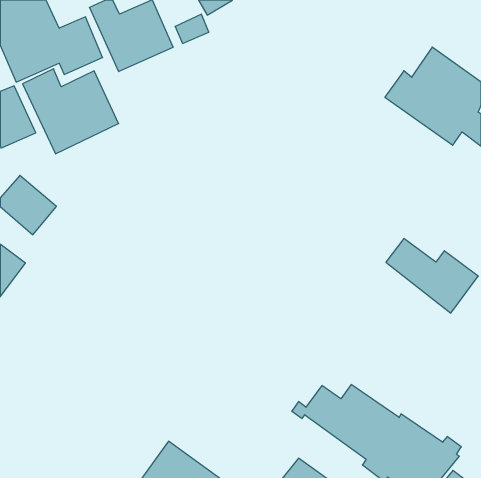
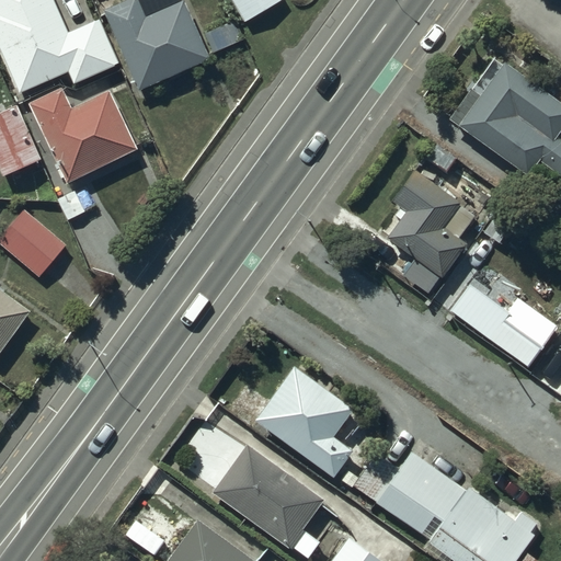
building: none -> [387,165,474,295]
building: none -> [254,363,354,477]
building: none -> [211,440,324,549]

